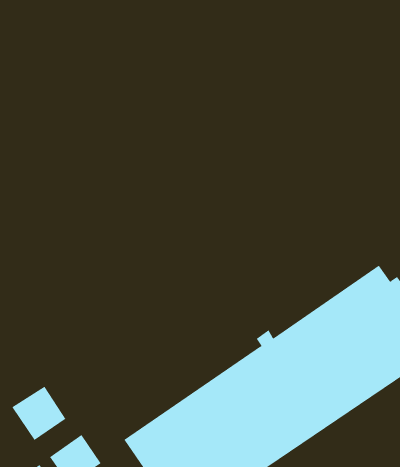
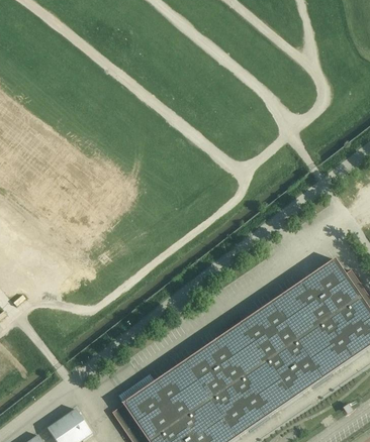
building: [11,386,66,441] -> none

